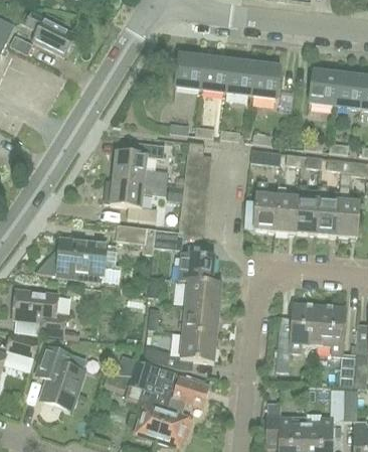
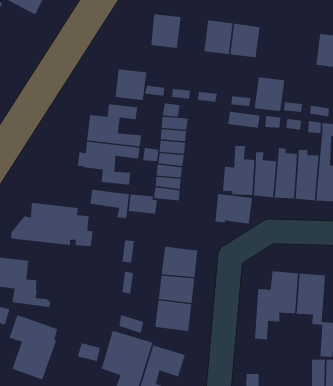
building: [201,56,230,91] -> none
building: [309,69,339,104] -> [254,77,285,112]
building: none -> [115,68,147,101]
building: [177,252,214,282] -> [214,193,253,224]

